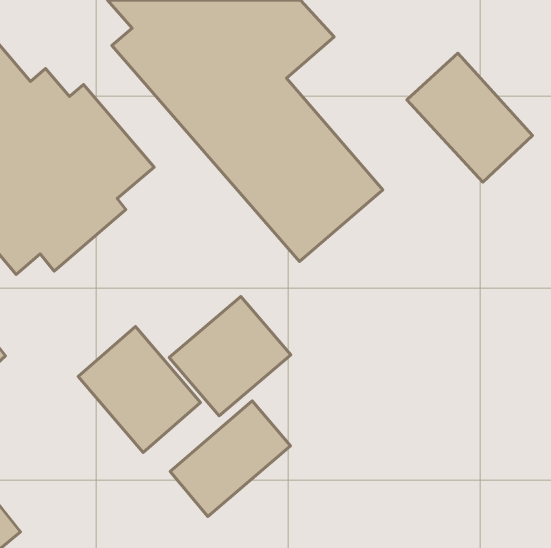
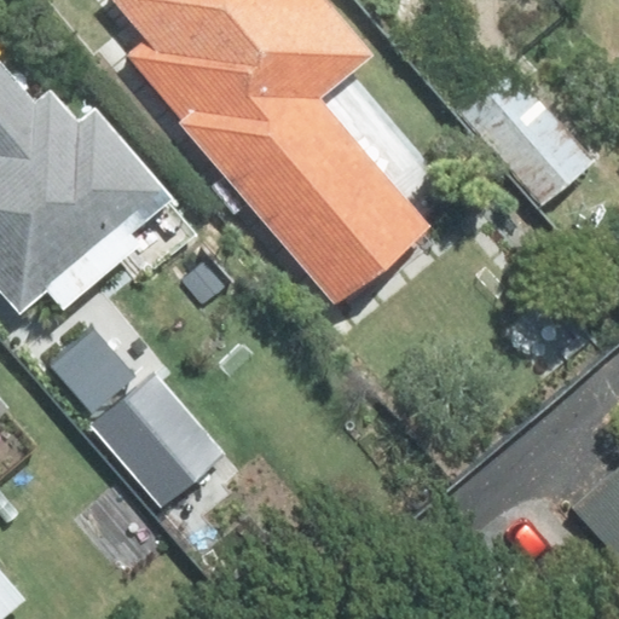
building: [169,296,291,416] -> none
building: [170,401,291,516] -> none

